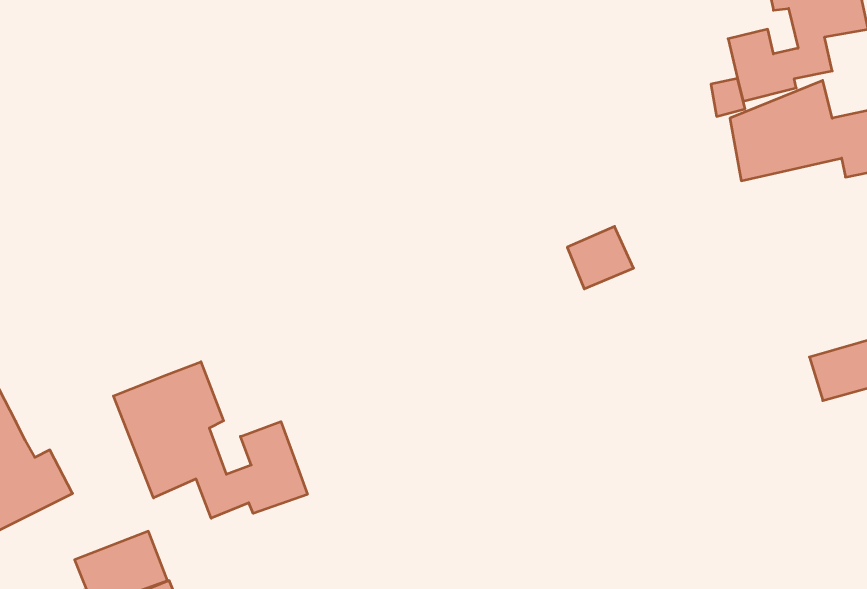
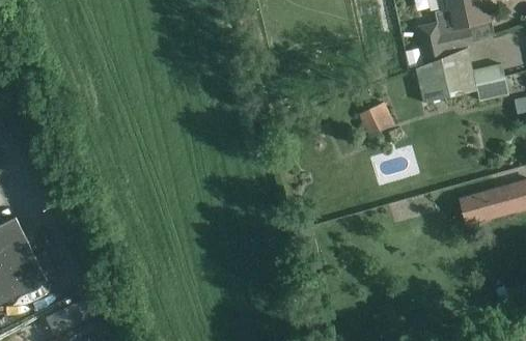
building: [567,226,634,289] -> [359,103,395,137]
building: [113,362,307,518] -> none

